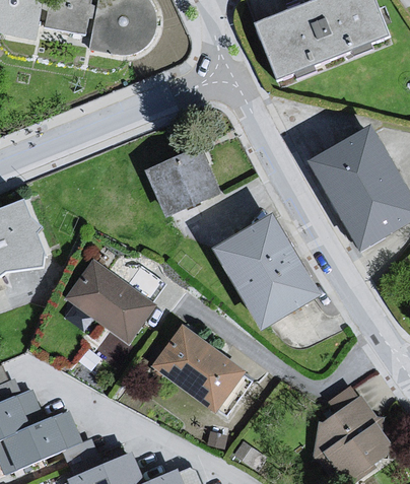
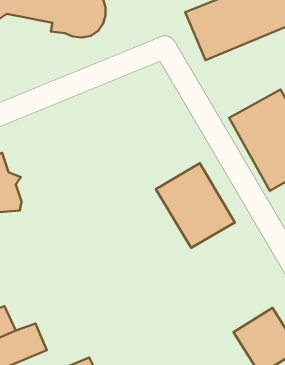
building: [145,142,222,216] -> none
building: [64,256,159,343] -> none
building: [149,322,246,412] -> none

